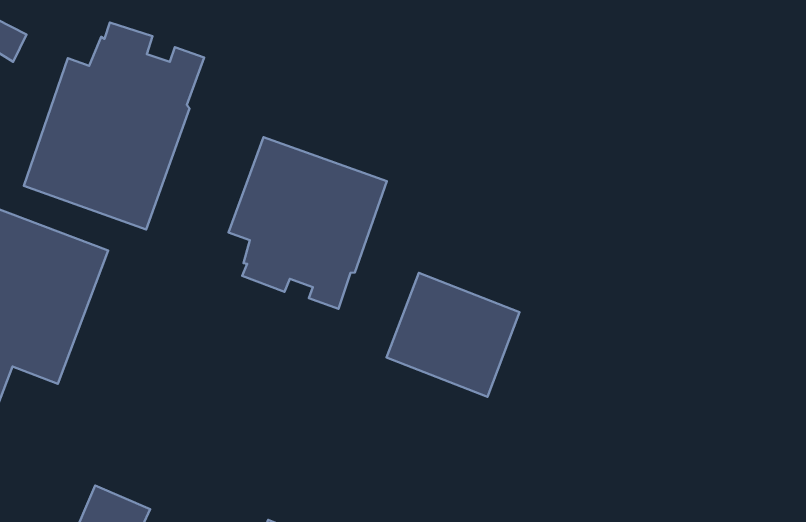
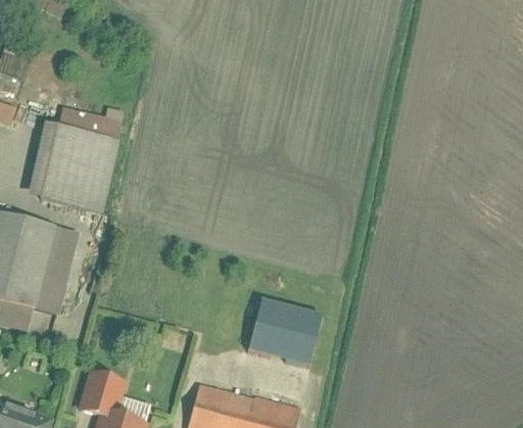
building: [228,137,387,309] -> none
building: [387,273,520,397] -> [240,298,317,368]

